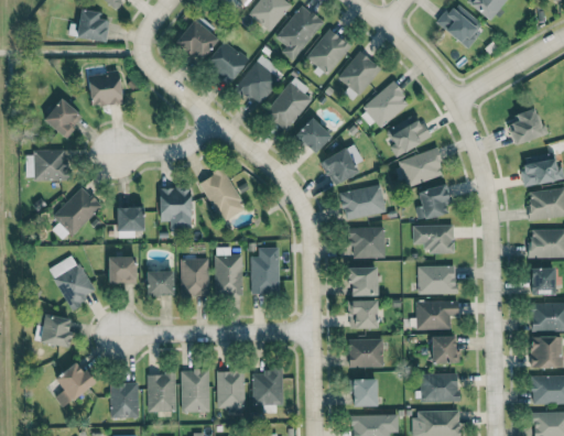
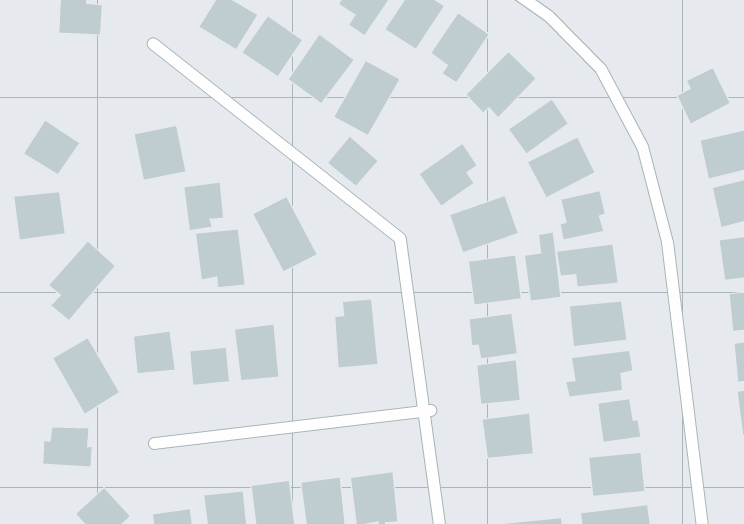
building: [89,70,123,107] -> [134,125,186,180]
building: [296,117,333,153] -> [327,136,379,187]
building: [118,206,144,238] -> [184,182,224,231]
building: none -> [525,232,561,301]
building: [215,254,243,296] -> none
building: [354,379,378,406] -> none

